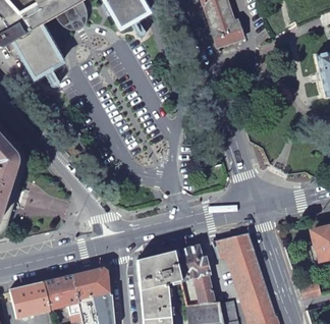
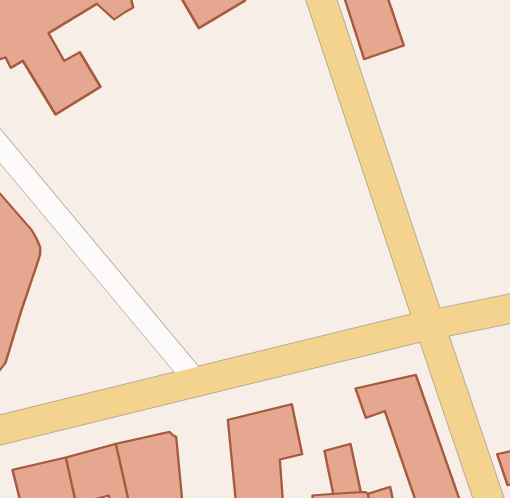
building: [174,246,210,280] -> none

